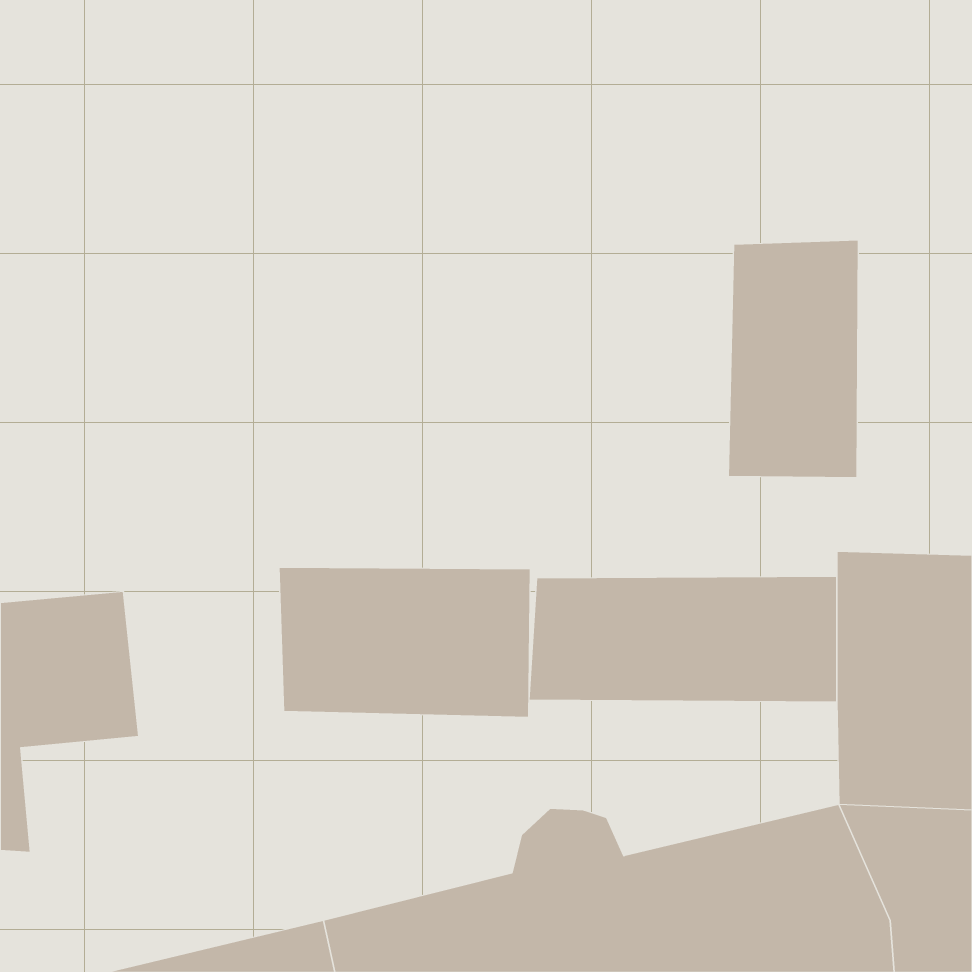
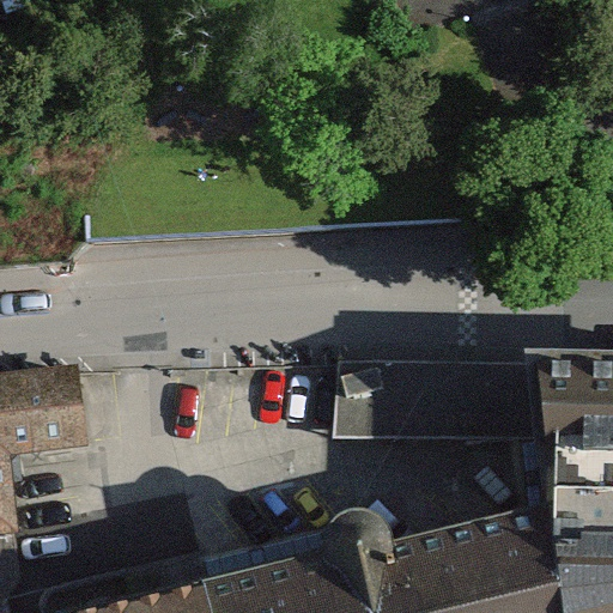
building: [728,240,858,478] -> none
building: [279,567,530,717] -> none

